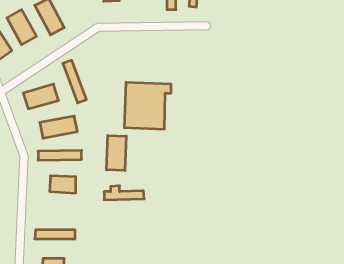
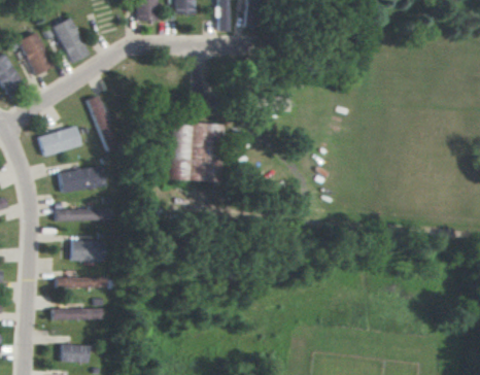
building: [107,135,126,171] -> none
building: [104,186,144,200] -> [57,270,107,287]

